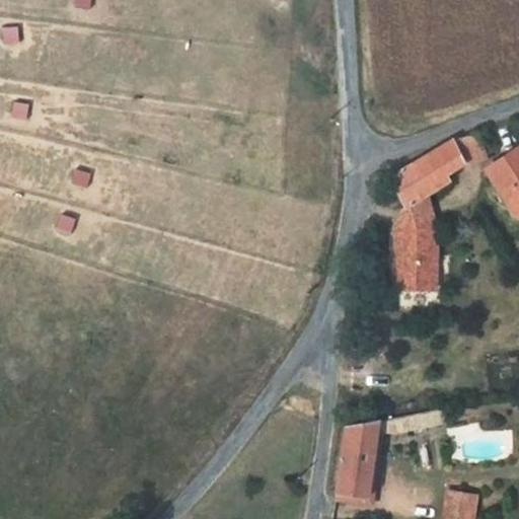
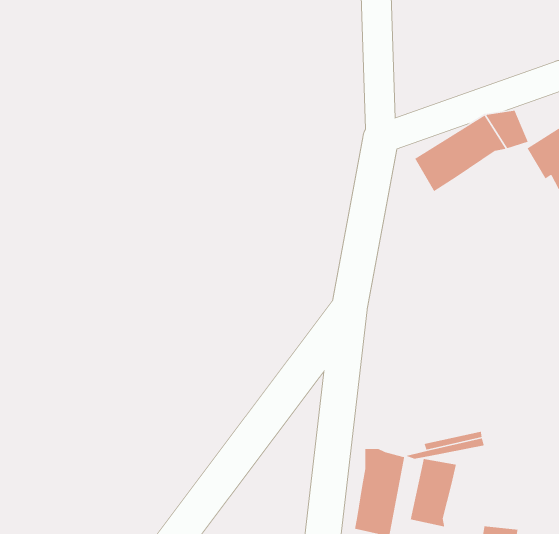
building: [394,193,436,288] -> none
building: none -> [410,458,457,527]

